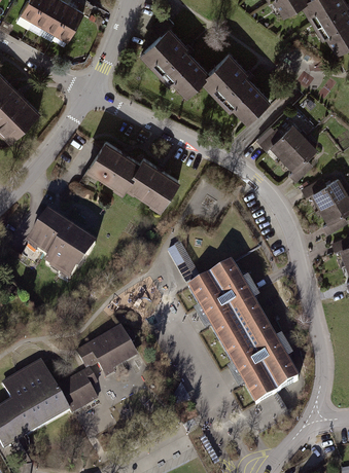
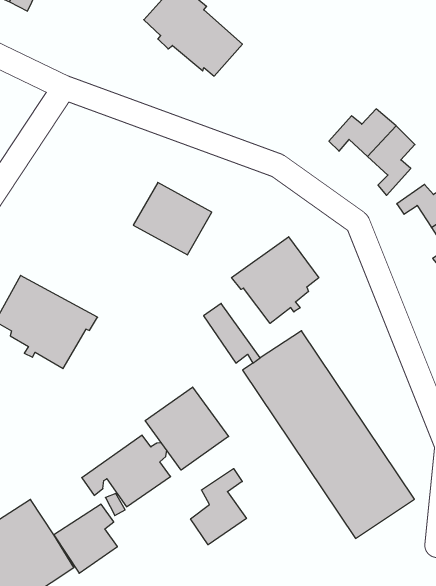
building: [204,54,268,120] -> none
building: [88,143,140,192] -> none
building: none -> [232,237,319,323]
building: none -> [145,387,229,470]
building: none -> [191,469,246,545]

